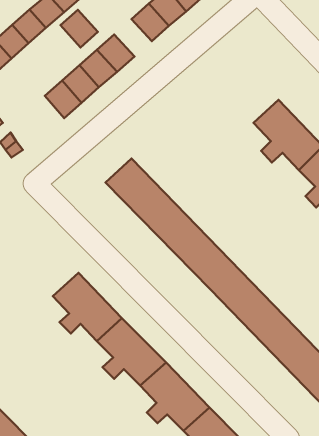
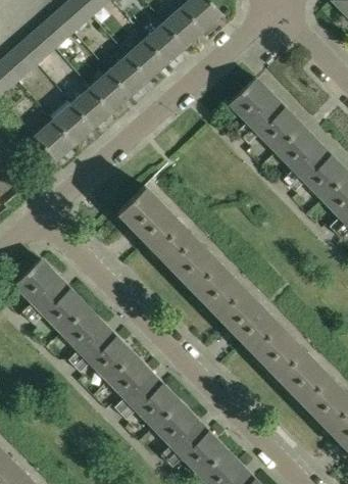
building: [60,10,98,47] -> [127,38,166,78]
building: none -> [230,77,301,148]
building: none -> [35,119,73,159]
building: none -> [14,258,89,332]

